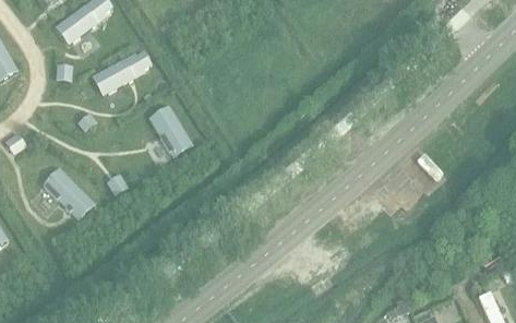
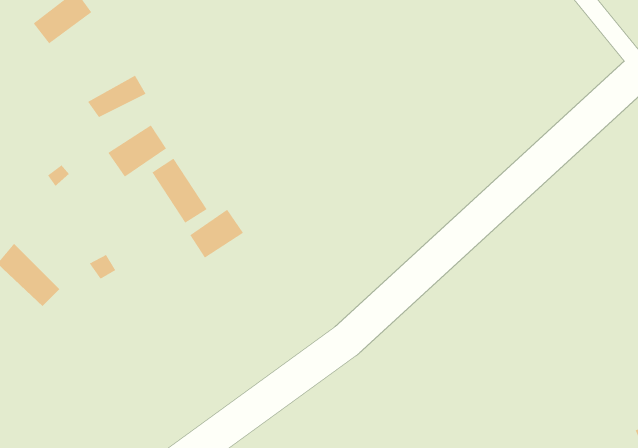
building: none -> [107,125,167,178]
building: none -> [189,209,244,258]

